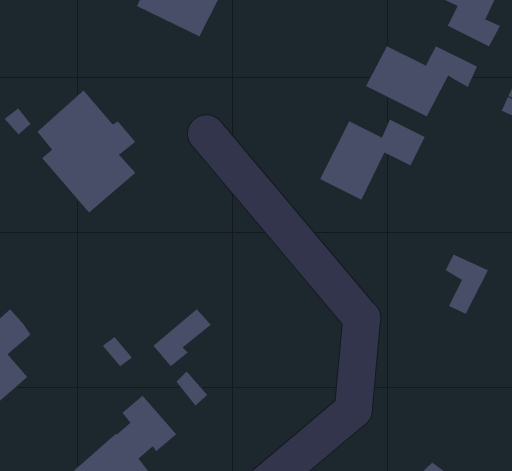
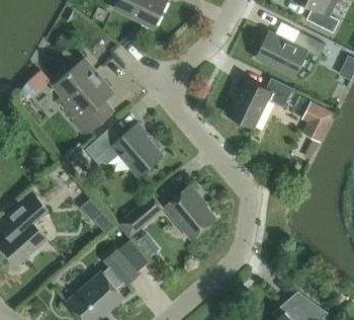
building: none -> [85,123,163,176]
building: [445,254,489,314] -> [306,103,334,141]
building: none -> [165,184,216,239]

